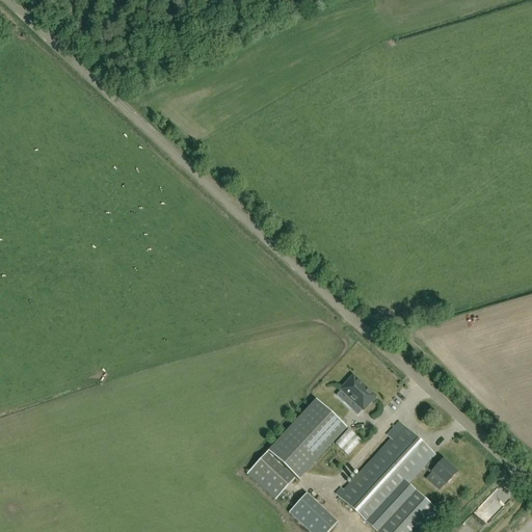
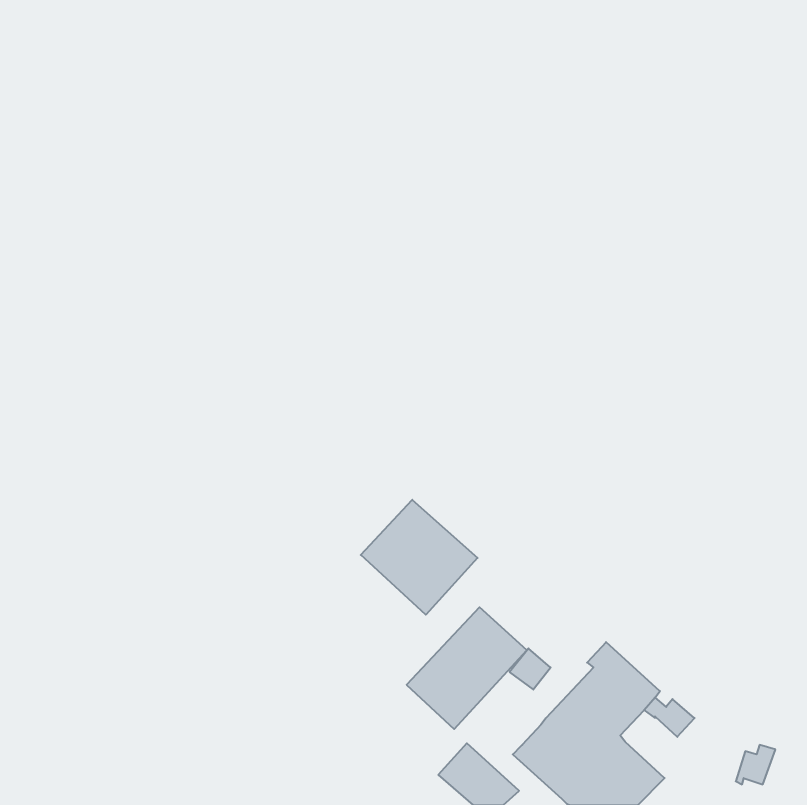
building: none -> [361,500,478,615]
building: [339,377,374,410] -> none
building: [246,452,294,499] -> none

